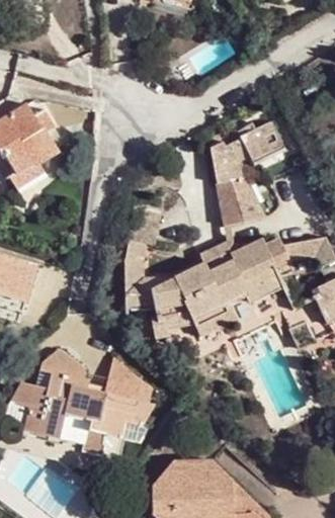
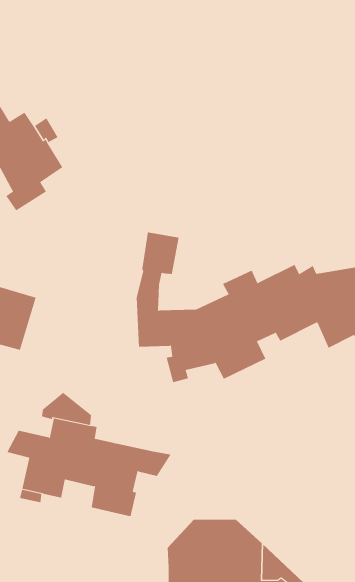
building: [210,120,286,226] -> none
building: [105,356,143,400] -> none

